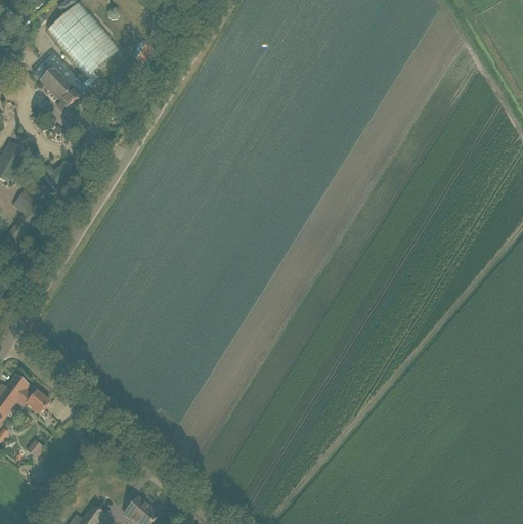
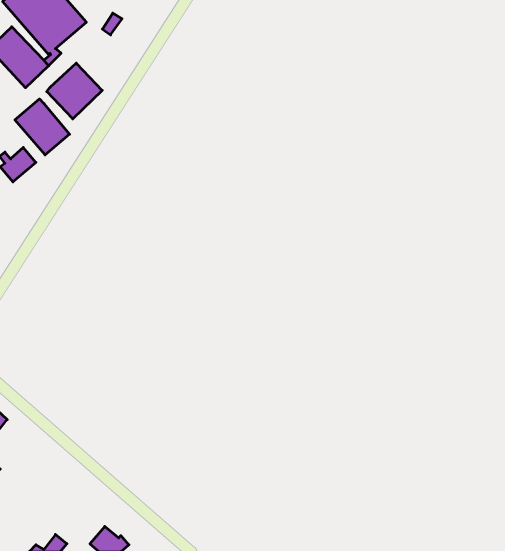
building: none -> [47,63,102,119]
building: none -> [15,99,70,155]

